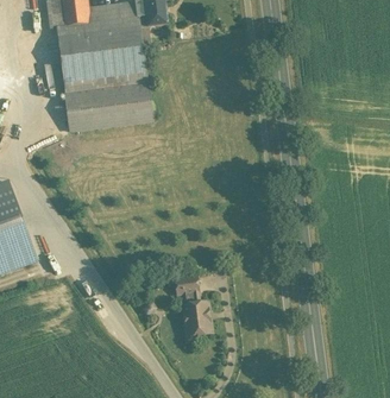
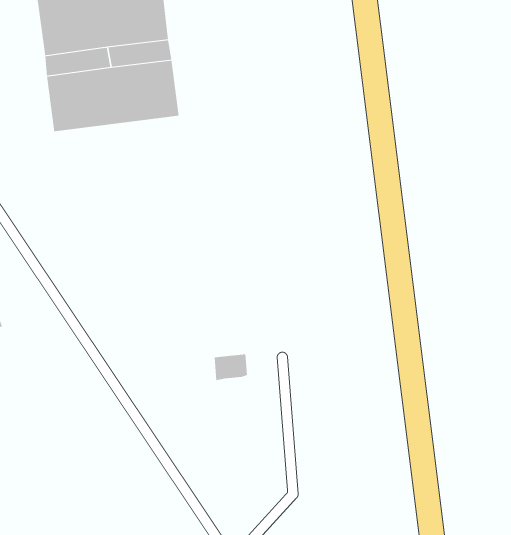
building: [182,291,210,334] -> none

